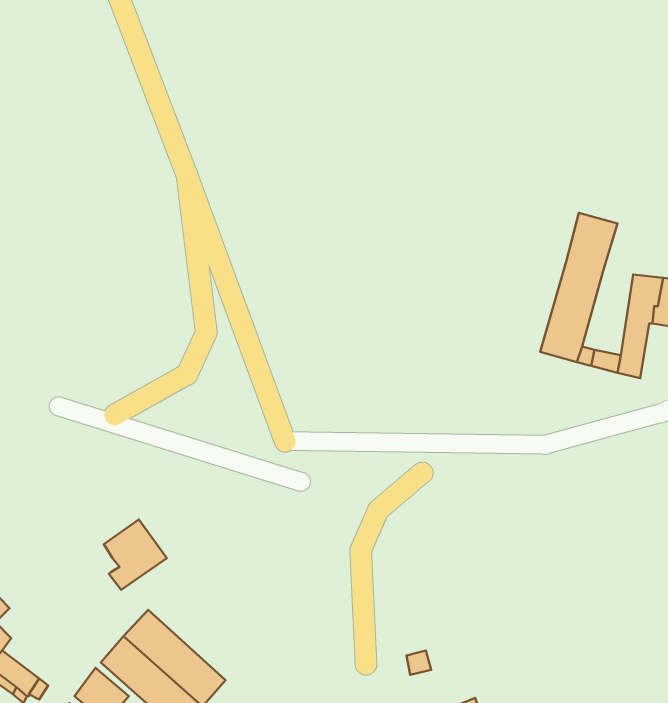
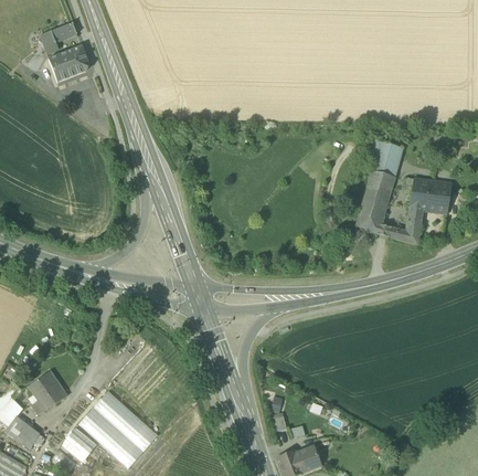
building: none -> [39,22,77,54]
building: none -> [47,45,88,82]
building: [104,519,167,590] -> [28,370,67,414]

